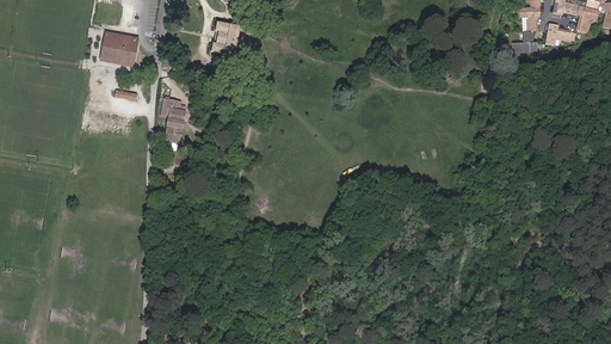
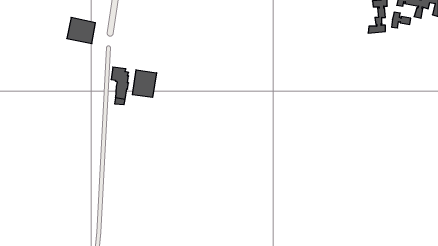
building: [211,22,240,55] -> none
building: none -> [132,70,157,97]

